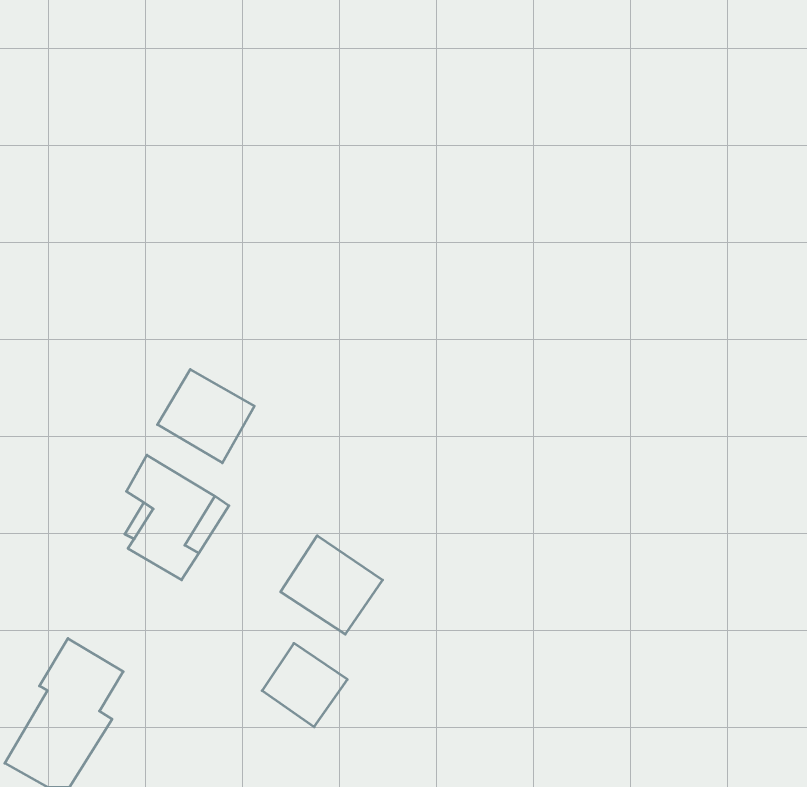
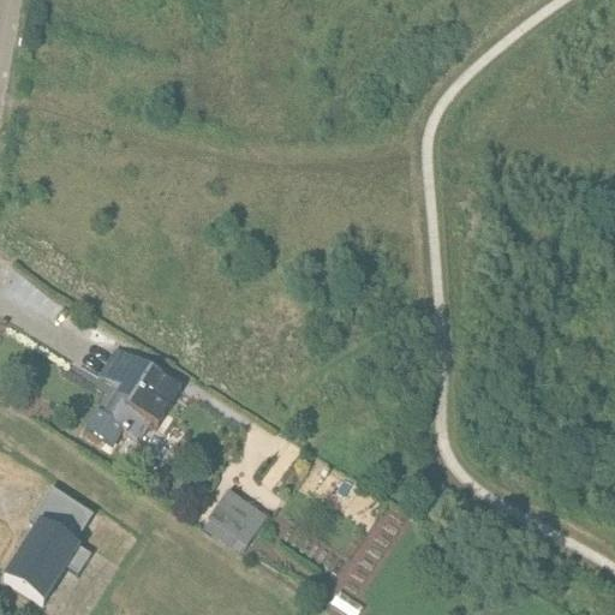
building: [157,369,254,463] -> none
building: [281,536,383,634] -> none

